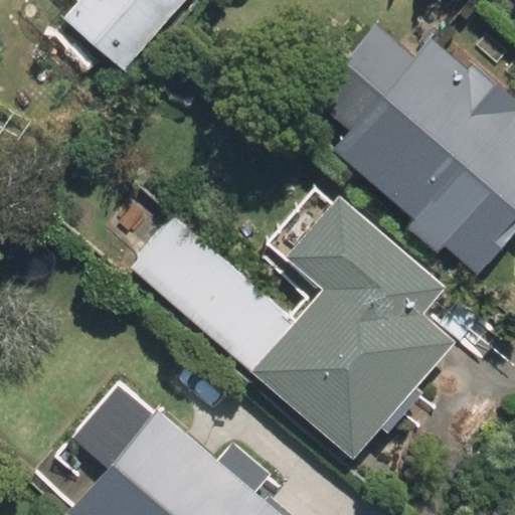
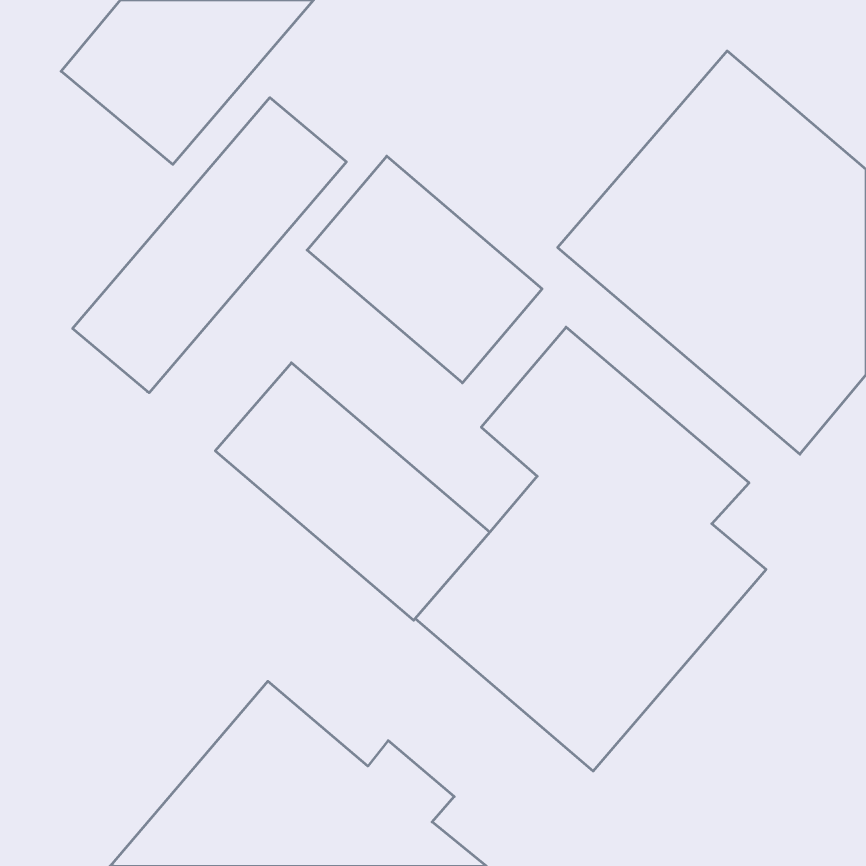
building: none -> [73,98,346,393]
building: none -> [307,156,542,383]

